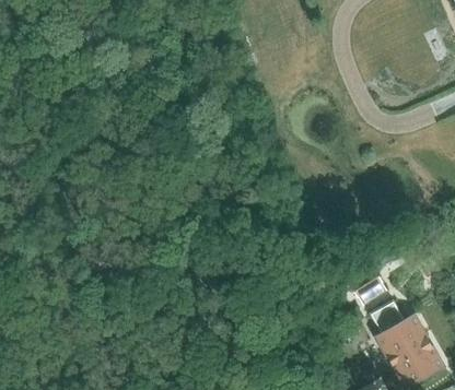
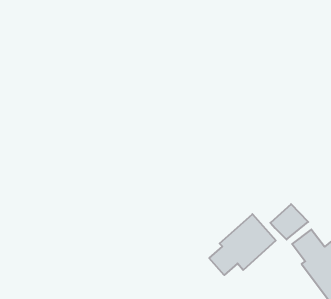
building: none -> [209,214,276,275]

